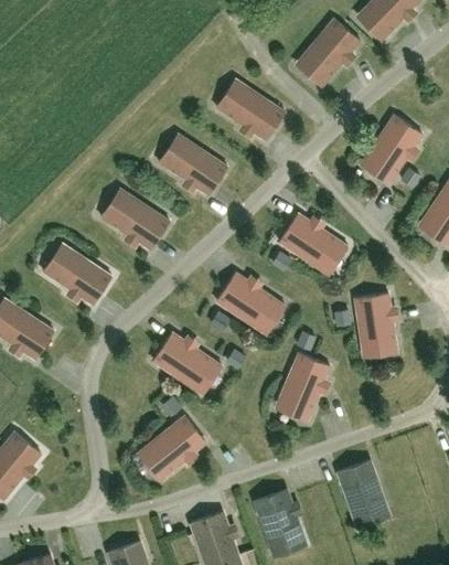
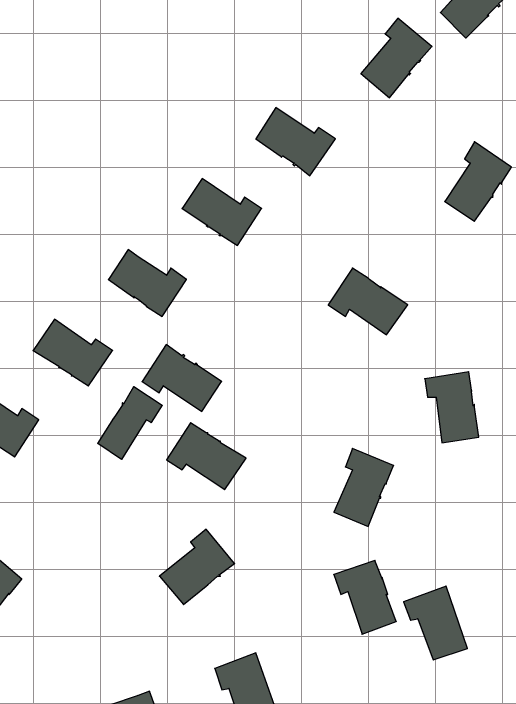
building: [215,273,277,324] -> [142,345,222,411]
building: none -> [98,387,162,459]
building: [254,490,302,547] -> [334,560,396,634]

